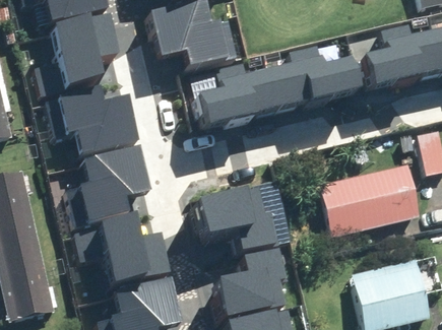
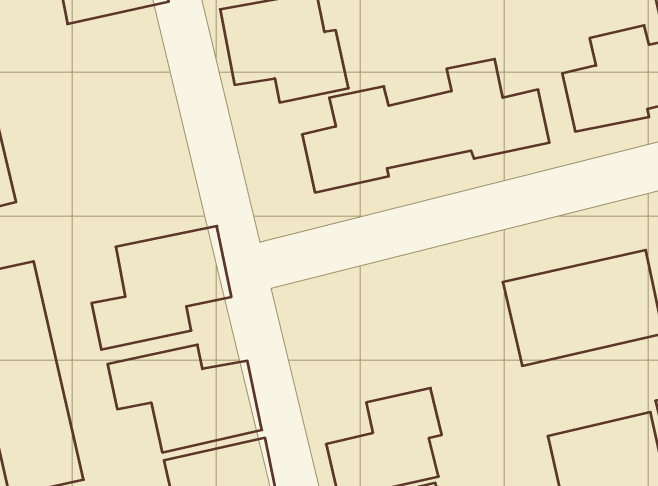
building: [30,13,119,91] -> none
building: [42,87,140,155] -> none
building: [193,188,276,250] -> none

